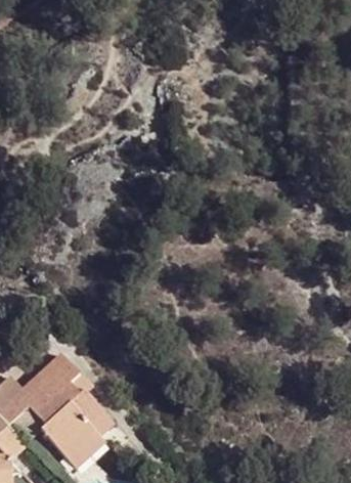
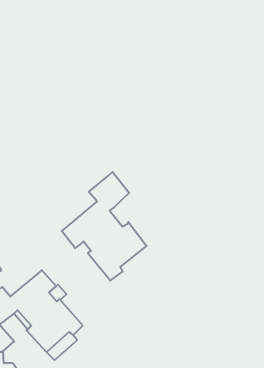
building: none -> [62,172,147,281]

